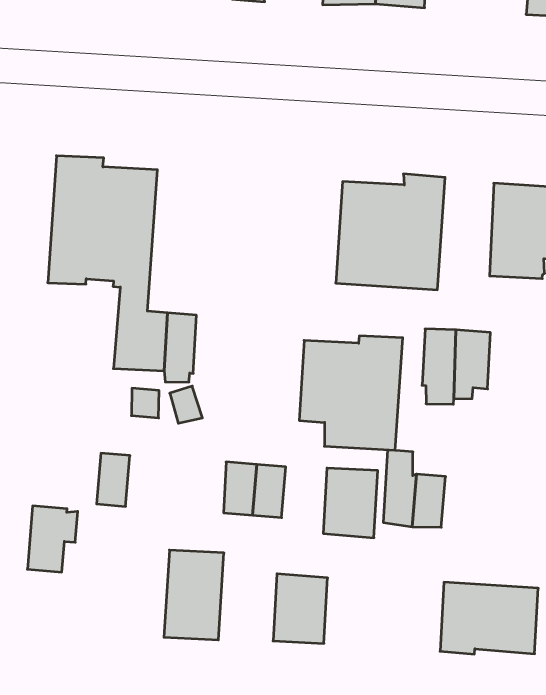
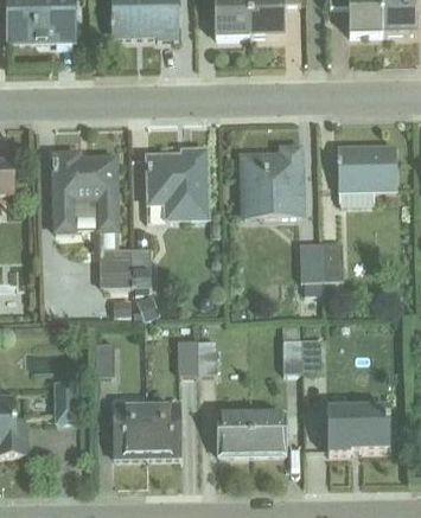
building: [299,336,403,450] -> [145,147,210,222]
building: [323,468,378,538] -> [250,410,285,454]
building: none -> [111,402,147,459]

